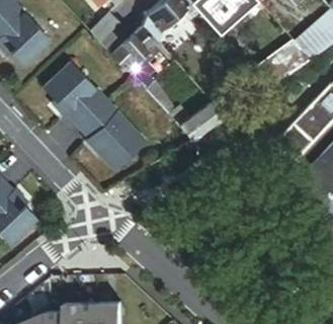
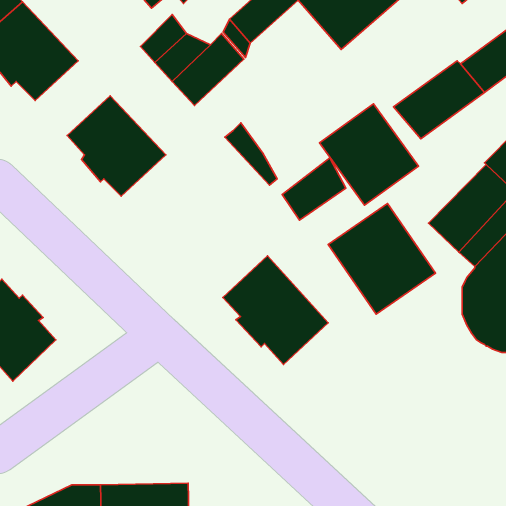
building: none -> [320,104,419,205]
building: [79,100,146,169] -> [223,256,328,364]
building: none -> [328,203,435,314]

